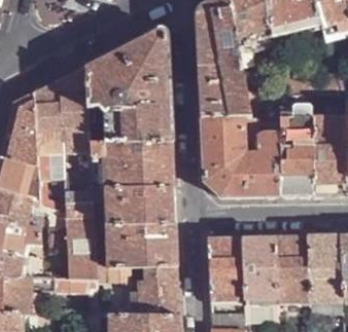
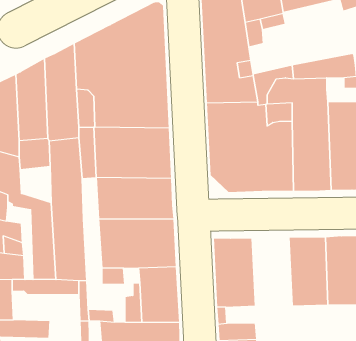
building: [244,237,280,299] -> none

